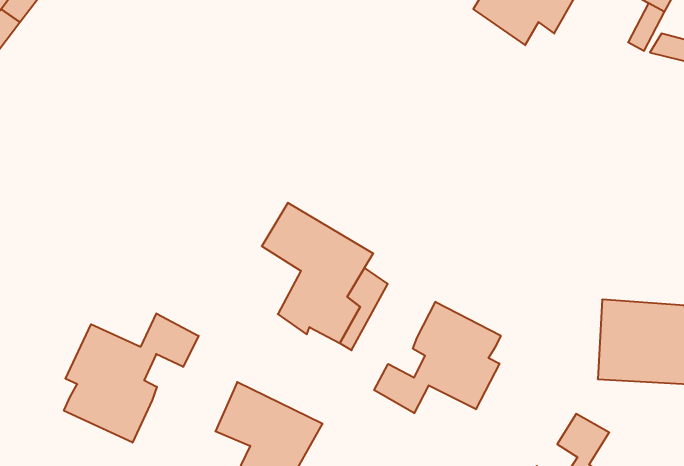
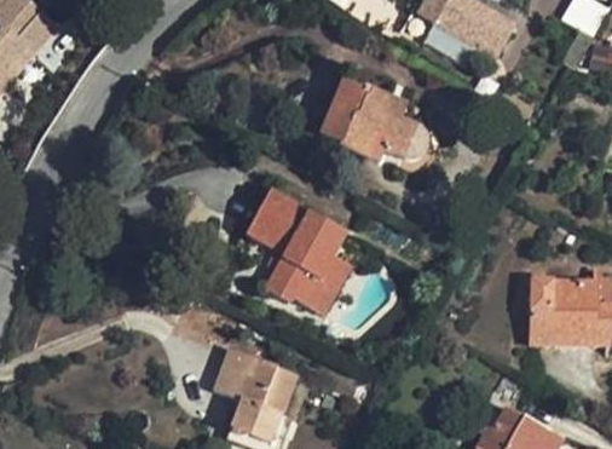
building: none -> [325,79,422,160]
building: [374,302,501,413] -> none
building: [64,313,199,443] -> none

